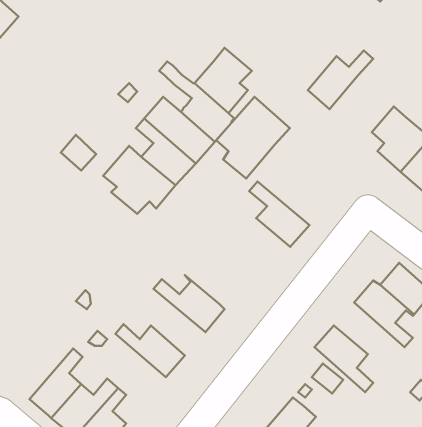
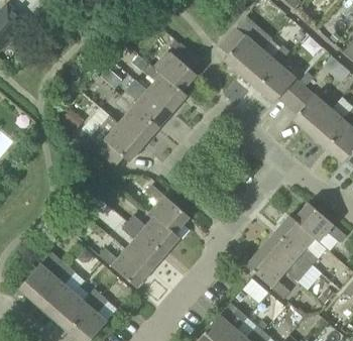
building: none -> [257,64,305,106]
building: [216,97,290,178] -> [219,14,273,75]
building: [249,182,309,247] -> [145,185,190,233]
building: none -> [121,222,165,271]
building: none -> [260,232,313,281]
building: none -> [18,252,68,304]

